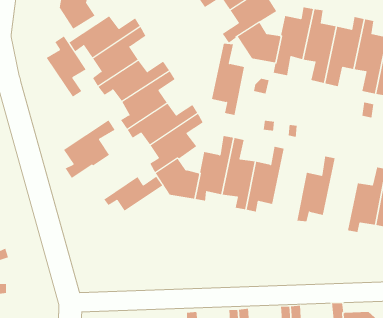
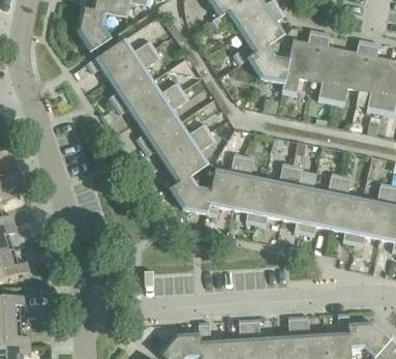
building: [46,36,86,98] -> none
building: [211,43,245,115] -> [281,166,313,235]
building: [63,120,115,179] -> none
building: none -> [330,175,362,244]
building: [104,176,163,211] -> none

